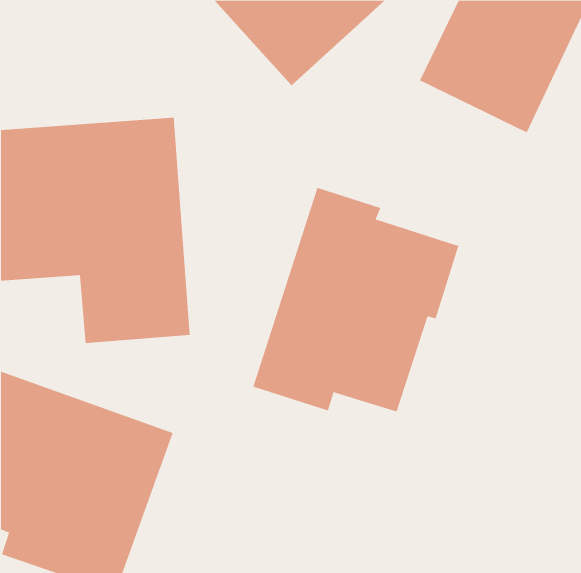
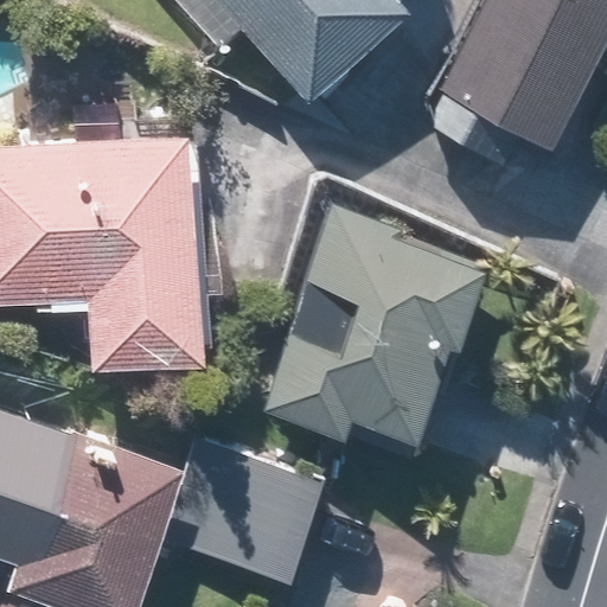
building: none -> [166,441,322,584]

